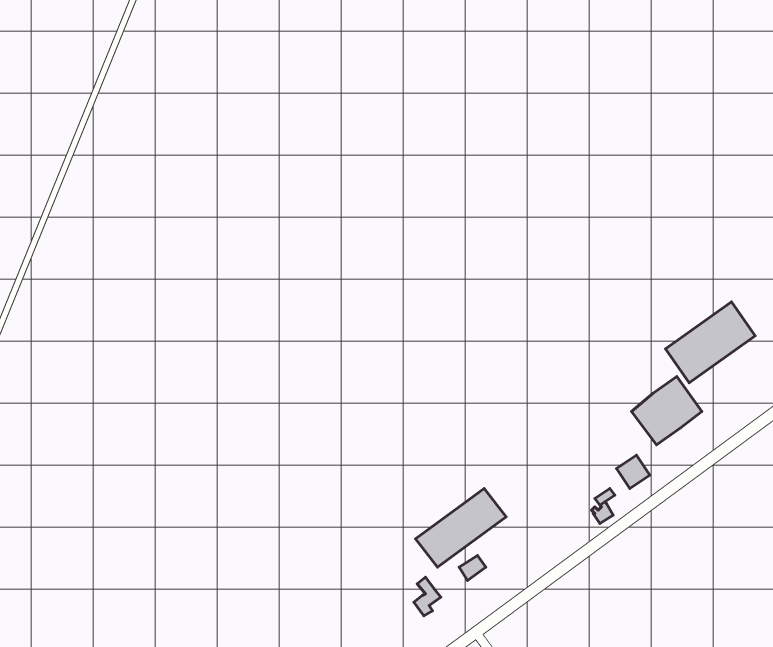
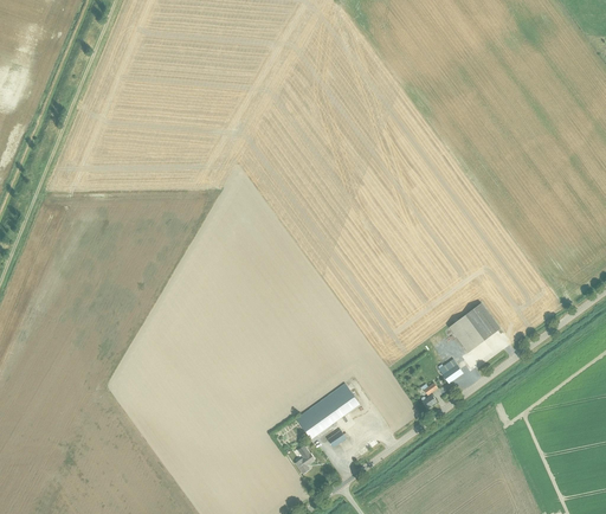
building: [666,302,755,383] -> none

